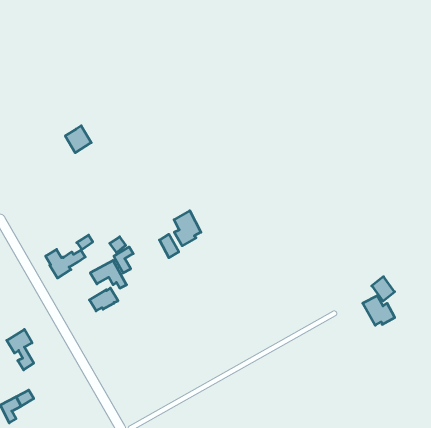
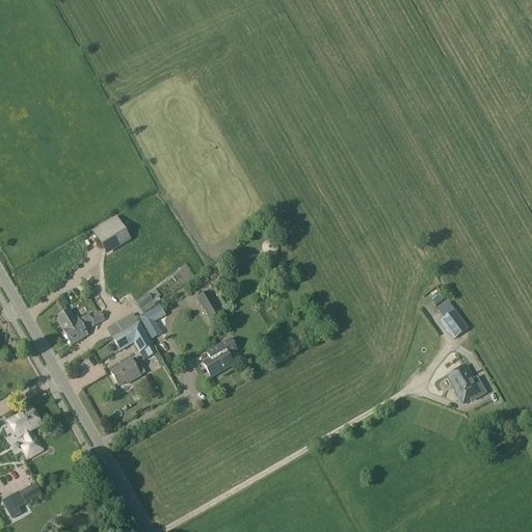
building: [65,126,91,153] -> [92,215,125,248]
building: [174,211,201,246] -> none
building: none -> [203,337,237,375]
building: [372,277,395,301] -> [440,308,468,338]

